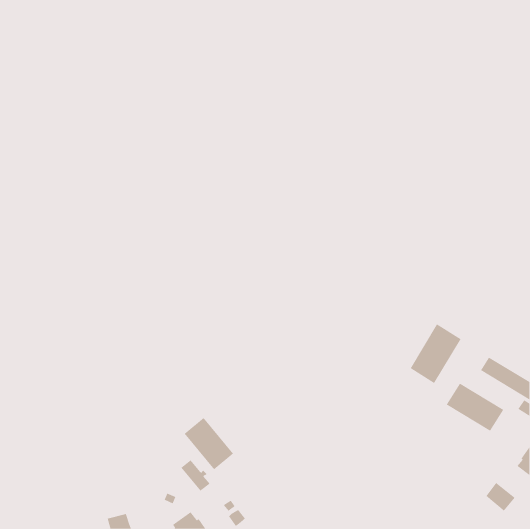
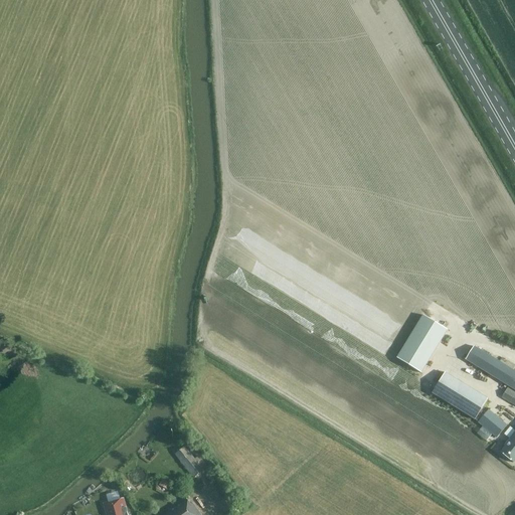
building: [184,417,234,470] -> none
building: [485,482,515,511] -> [479,408,508,437]

